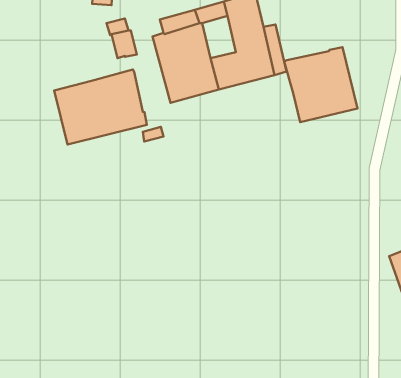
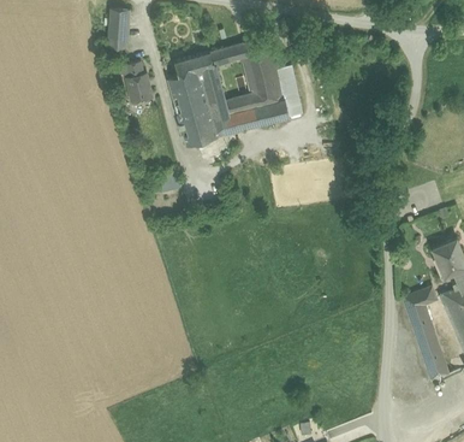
building: [284,47,357,122] -> none
building: [54,69,147,145] -> none

